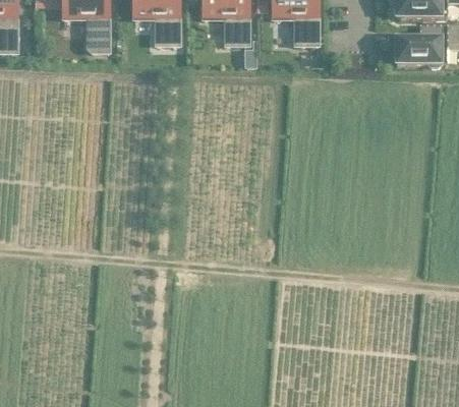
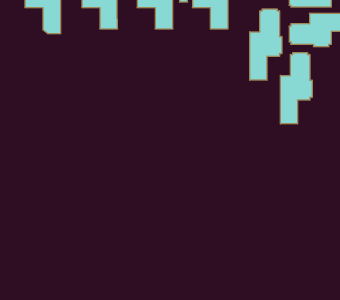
building: none -> [250,9,282,80]
building: none -> [280,53,312,124]

